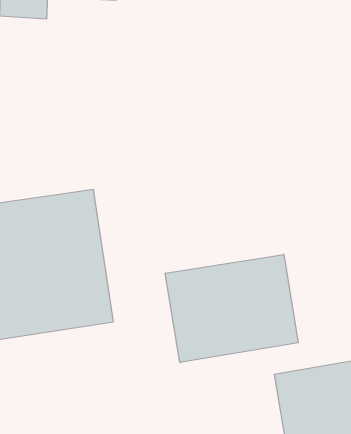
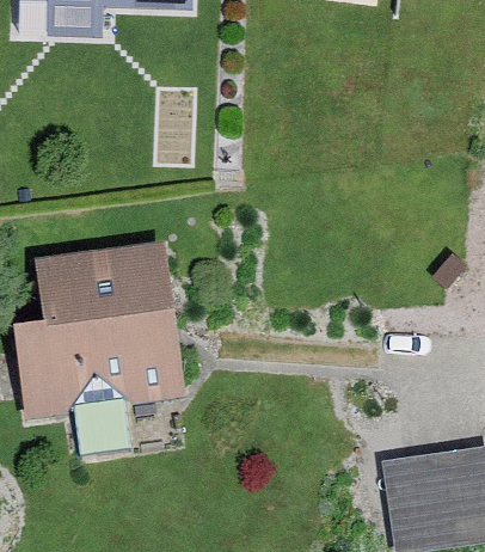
building: [165,254,298,363] -> none

